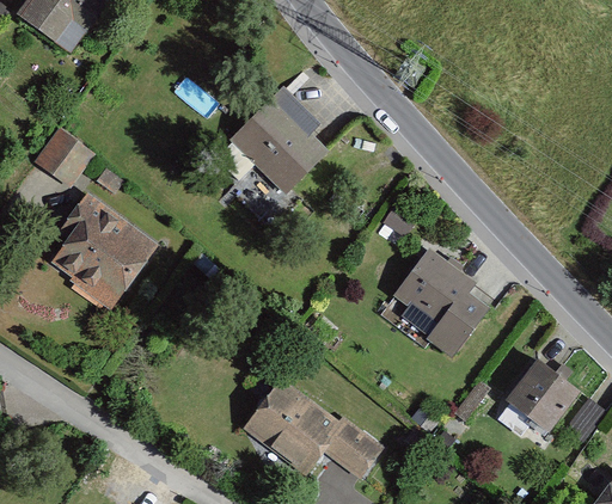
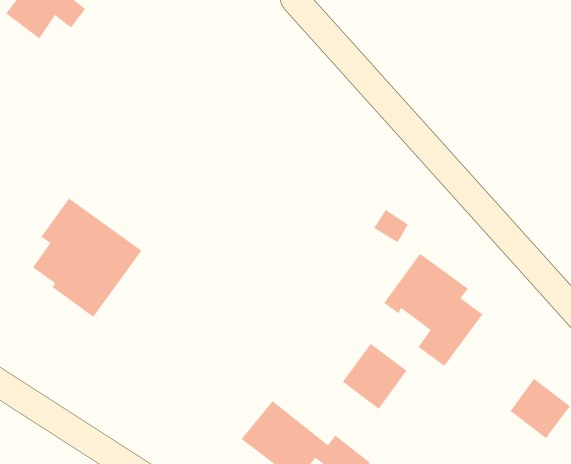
building: [230,86,328,193] -> none
building: [32,128,94,189] -> none
building: none -> [342,343,407,410]

